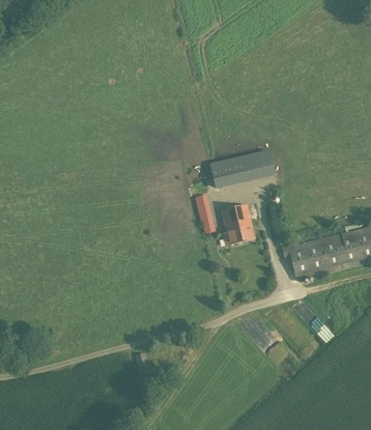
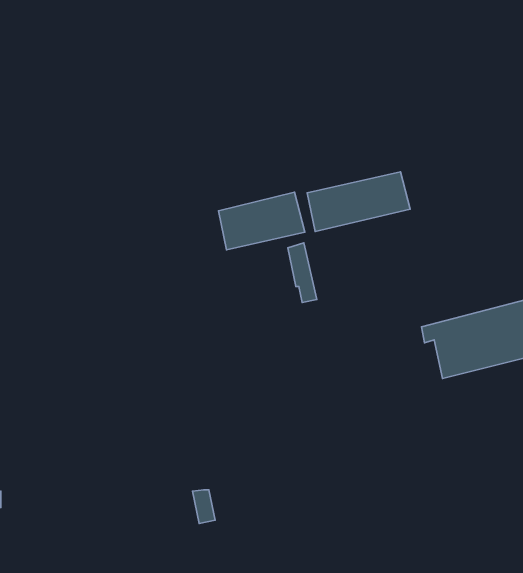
building: none -> [218,192,305,250]
building: [222,204,256,246] -> none

